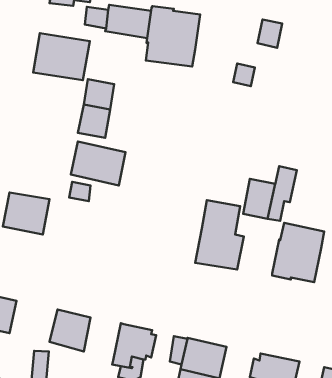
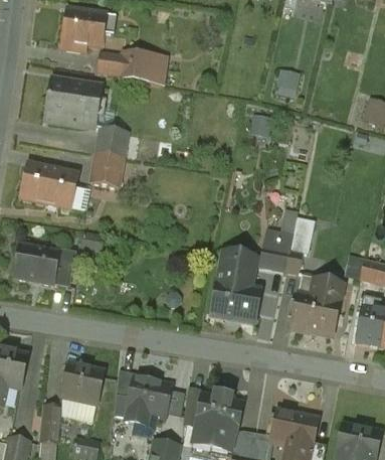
building: [146,6,200,66] -> none
building: [71,141,126,185] -> [21,162,77,207]
building: none -> [116,371,139,416]

